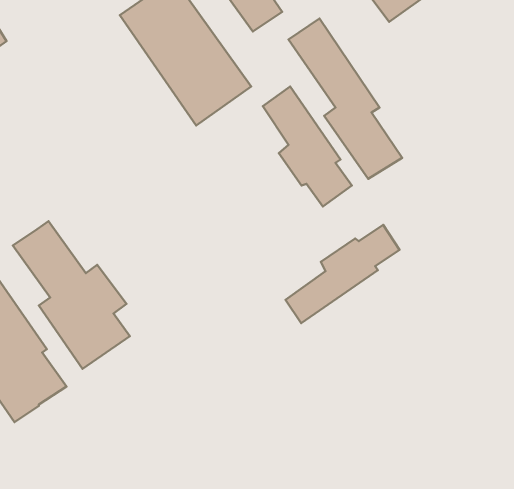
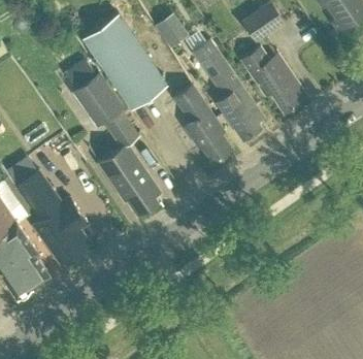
building: none -> [239,42,304,111]
building: none -> [67,62,161,216]
building: [285,225,400,323] -> none

